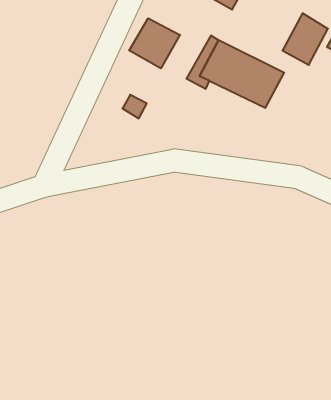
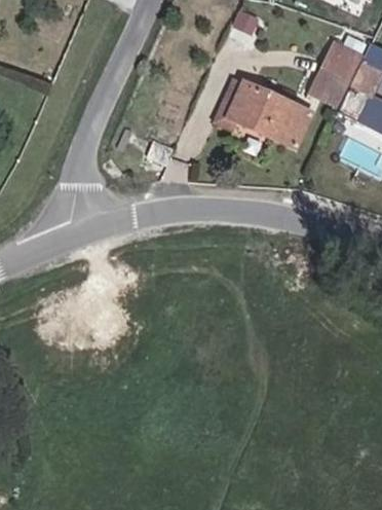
building: [129,18,180,68] -> none

